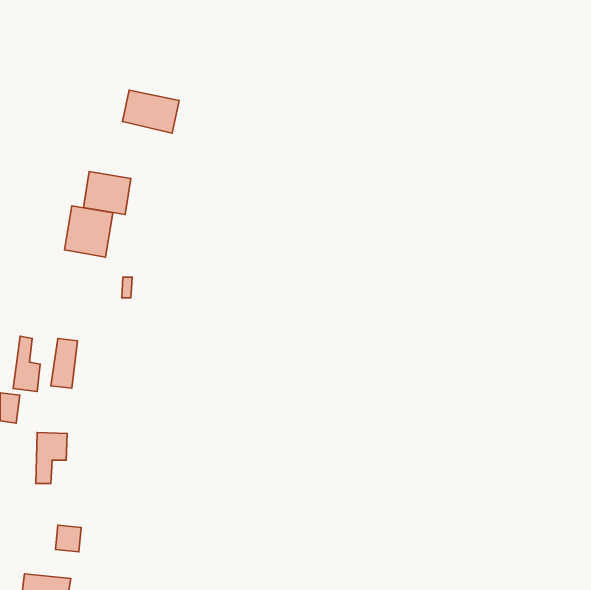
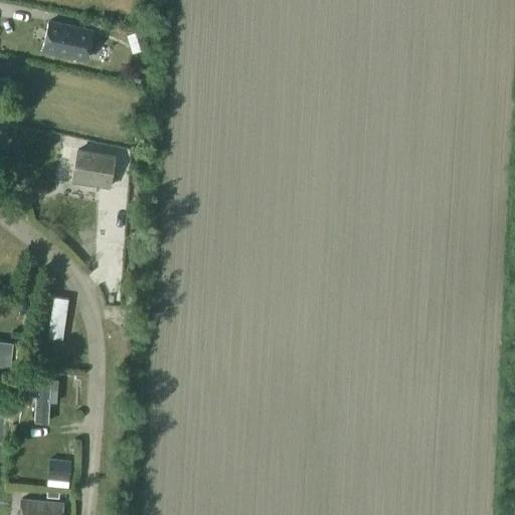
building: [122,90,179,133] -> [43,23,93,60]
building: [64,206,113,257] -> none
building: [13,336,40,391] -> none

